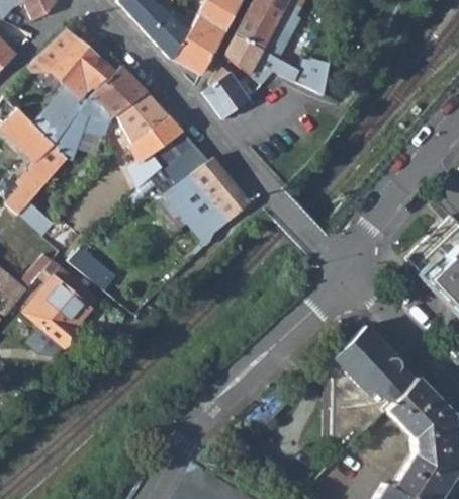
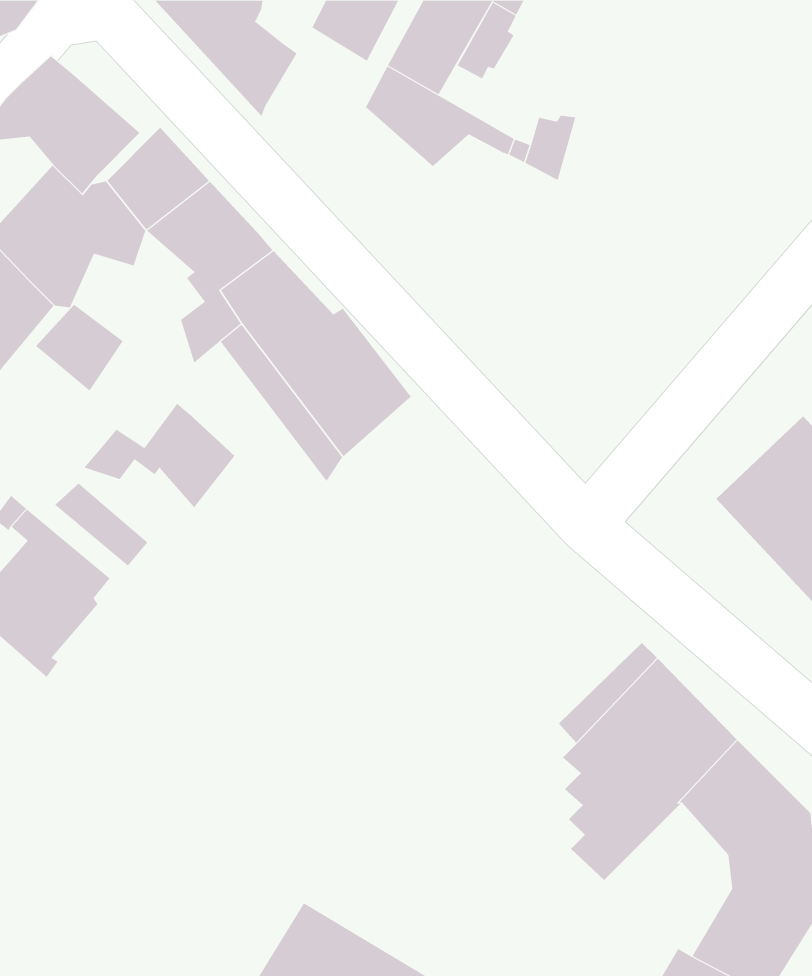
building: [174,15,225,76] -> none
building: [203,66,247,119] -> none
building: none -> [35,304,124,392]
building: none -> [84,403,235,508]

